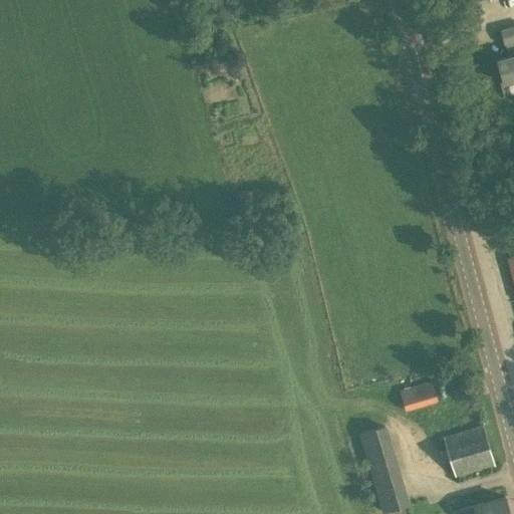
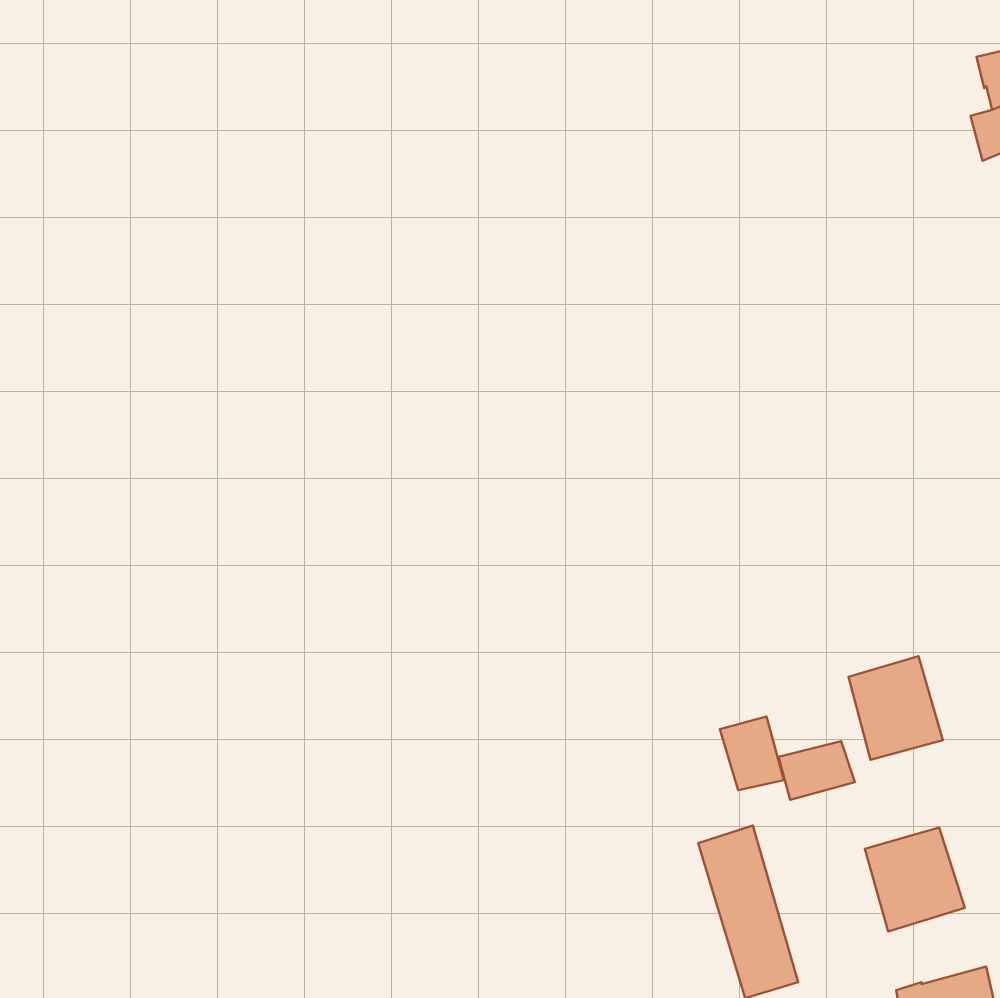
building: none -> [849,656,943,760]
building: none -> [720,717,784,790]

